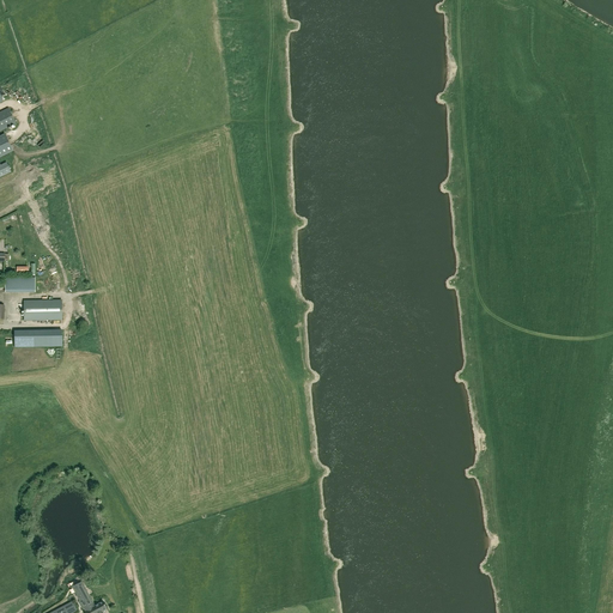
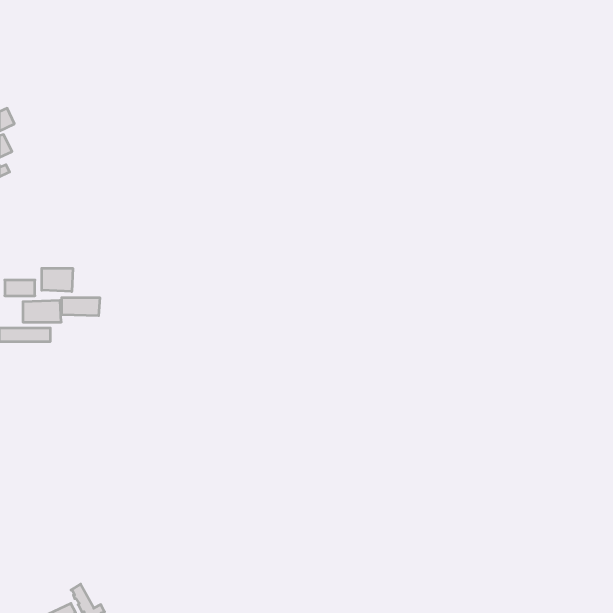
building: none -> [42,268,73,292]
building: none -> [62,298,100,316]

